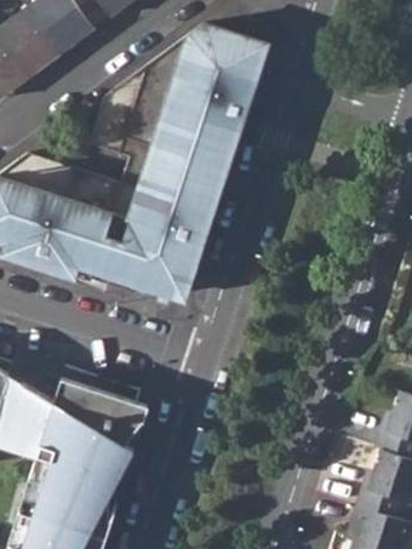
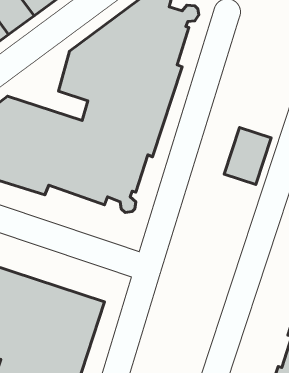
building: none -> [224,128,271,184]

